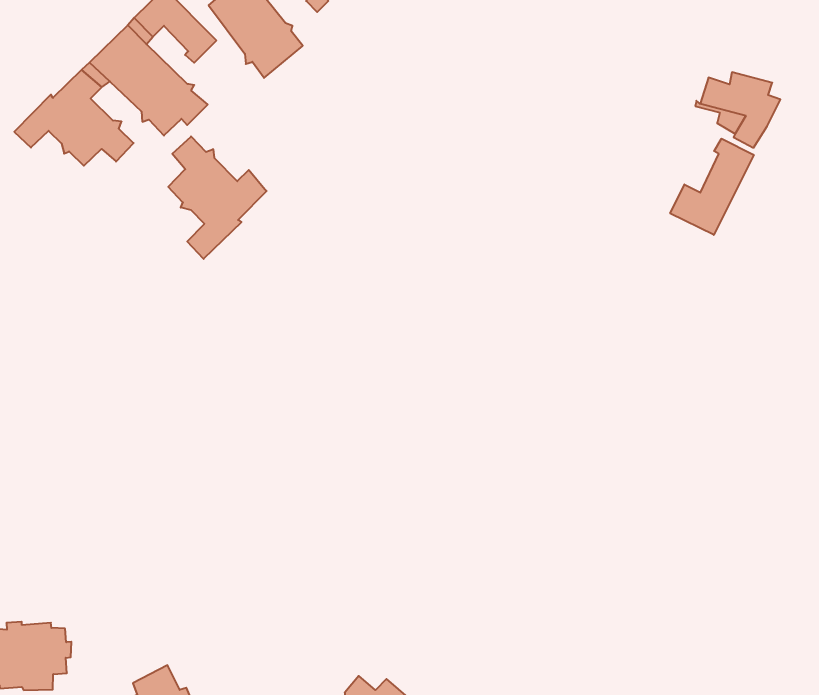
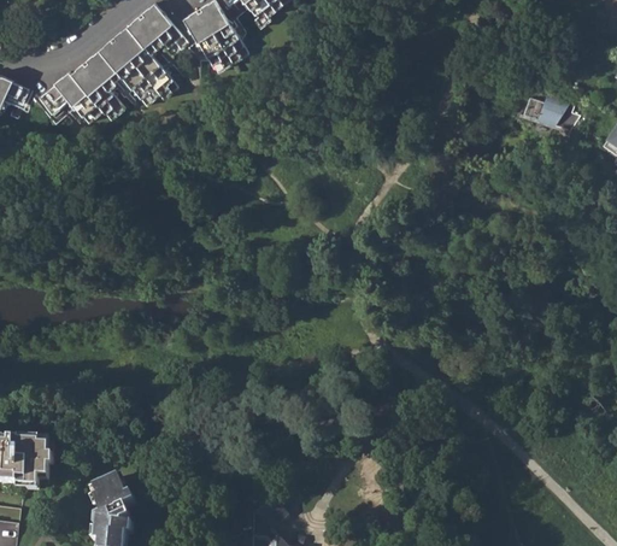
building: [168,136,267,259] -> none
building: [670,139,754,235] -> none

